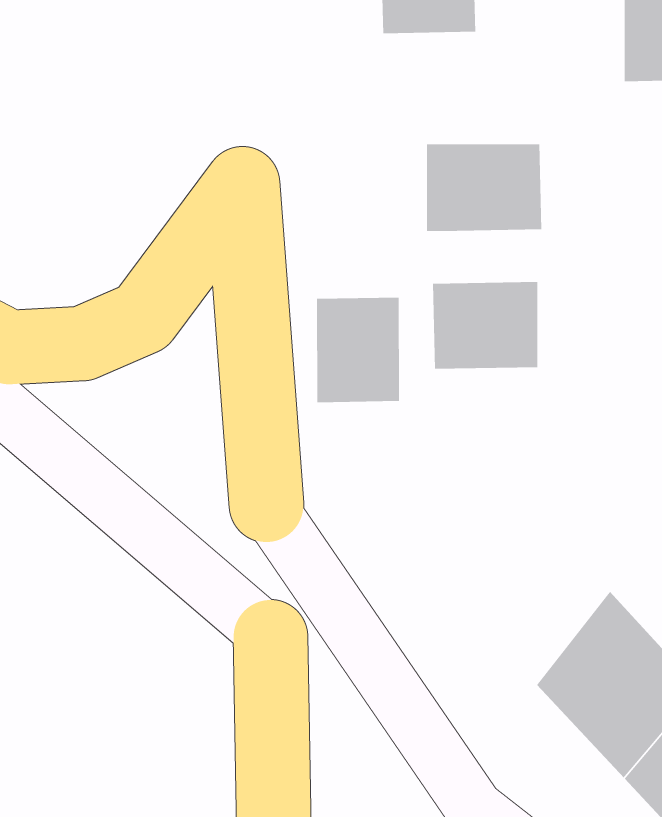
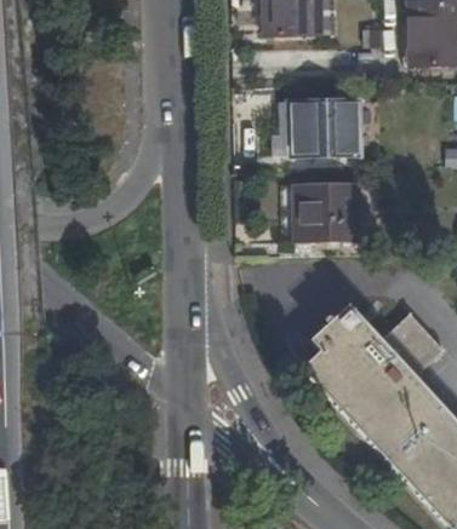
building: [316,297,400,403] -> none
building: none -> [305,307,406,427]

